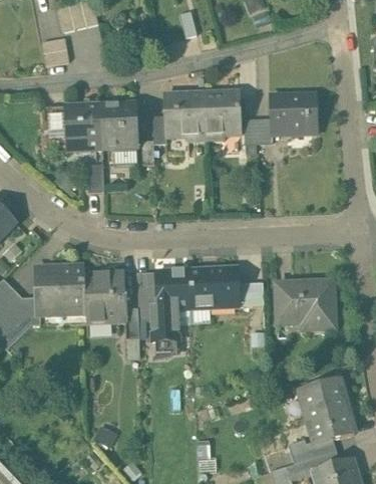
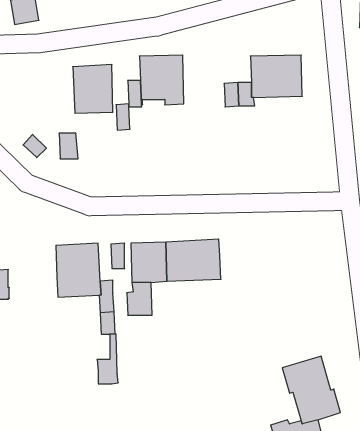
building: [205,90,241,139] -> none
building: [64,102,102,150] -> none
building: [38,265,85,313] -> none
building: [137,271,157,318] -> [97,334,118,384]
building: [277,280,335,328] -> none
building: [240,282,264,305] -> none

